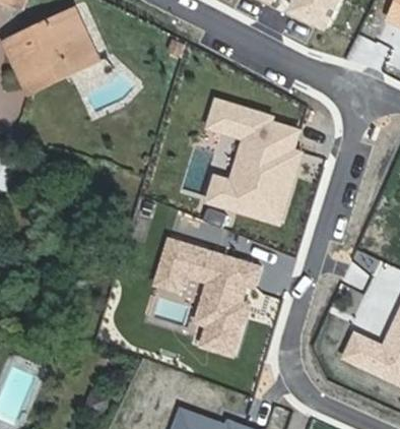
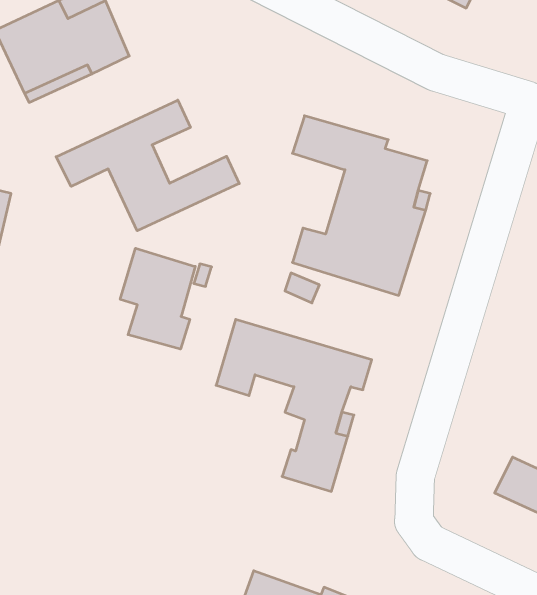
building: none -> [56,100,239,231]
building: none -> [120,248,195,349]

